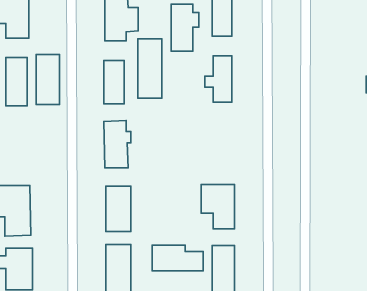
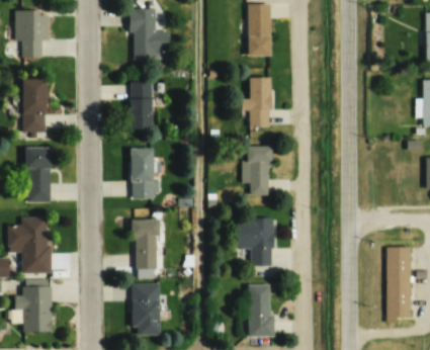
building: [171,4,199,51] -> none
building: [138,39,162,98] -> none
building: [36,54,59,104] -> [26,148,52,202]
building: none -> [243,146,270,195]
building: none -> [388,247,412,322]
building: [152,245,203,271] -> none

